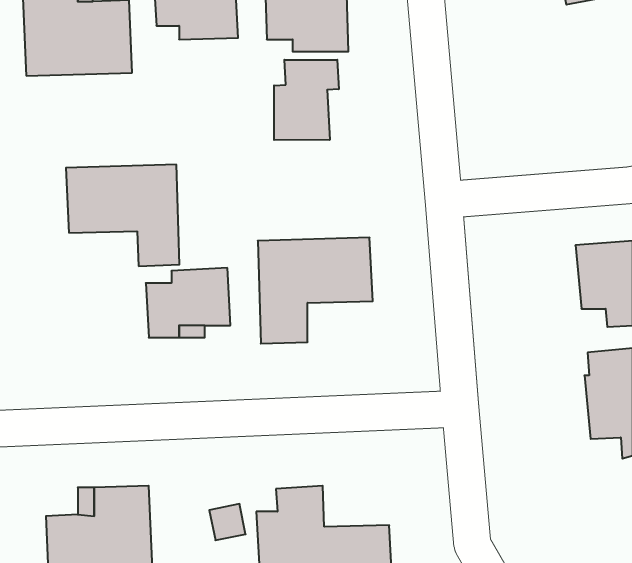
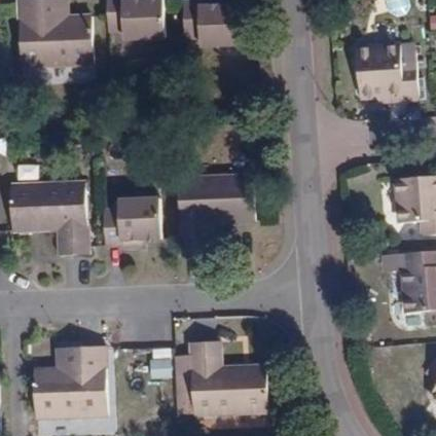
building: [274,60,339,140] -> none
building: none -> [357,53,417,111]
building: [66,165,179,266] -> [10,183,87,252]

